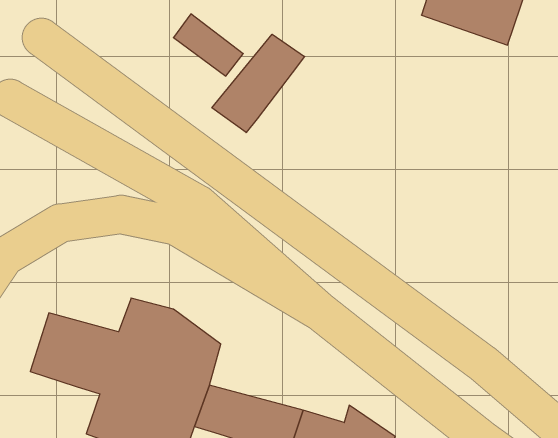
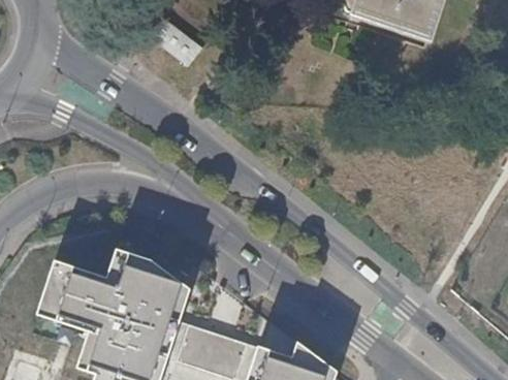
building: [212,34,305,133] -> none

